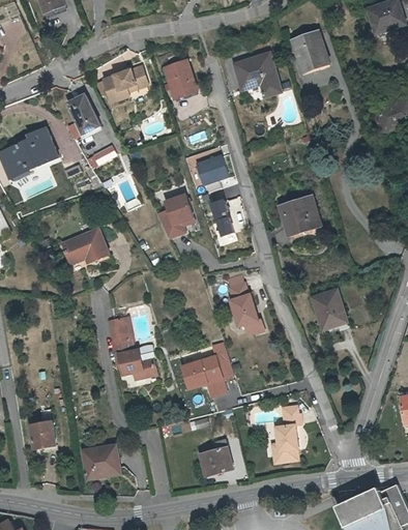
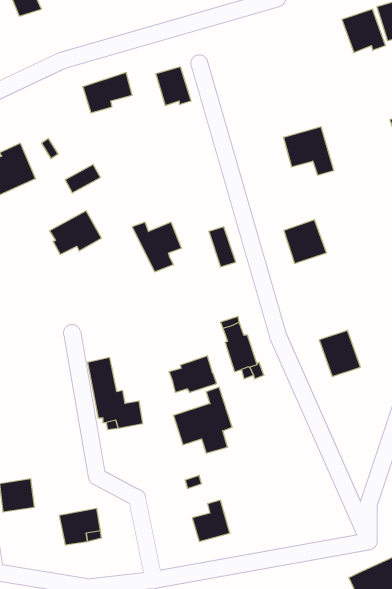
building: [288,30,326,68] -> [342,9,385,53]
building: [232,53,276,95] -> [283,127,334,175]
building: [70,95,103,135] -> none
building: [196,155,228,184] -> none
building: [64,227,110,265] -> [50,211,101,255]
building: none -> [169,356,216,393]
building: [271,406,300,463] -> none

